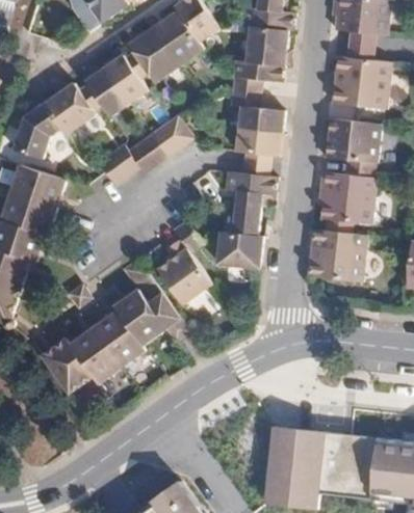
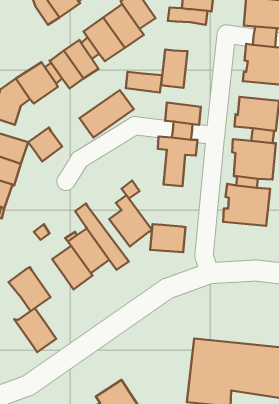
building: [247,28,287,68] -> none
building: [238,109,284,135] -> [126,72,162,92]
building: [99,144,141,187] -> [28,127,62,161]
building: [218,232,263,267] -> [150,224,186,252]
building: [68,326,121,381] -> [14,308,56,352]

